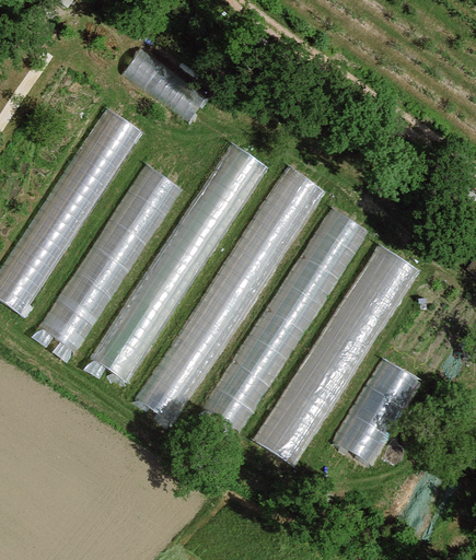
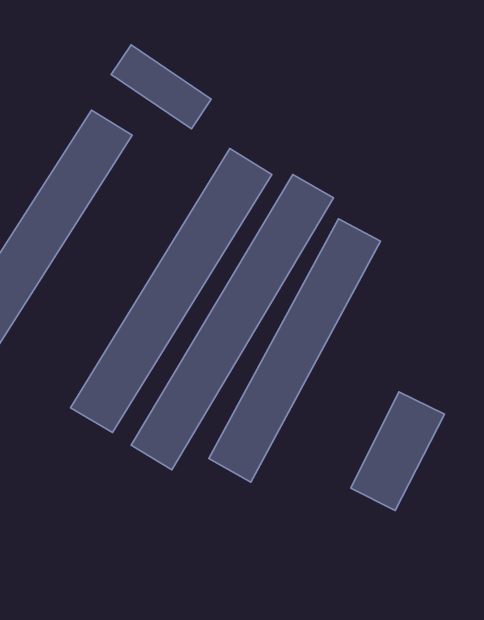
building: [48,162,175,358] -> none
building: [258,241,416,466] -> none

